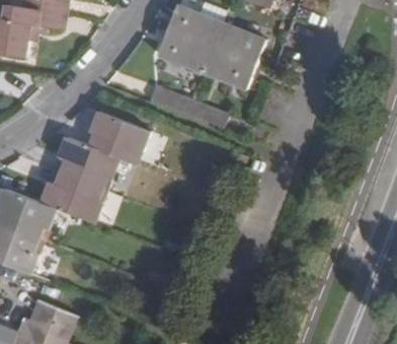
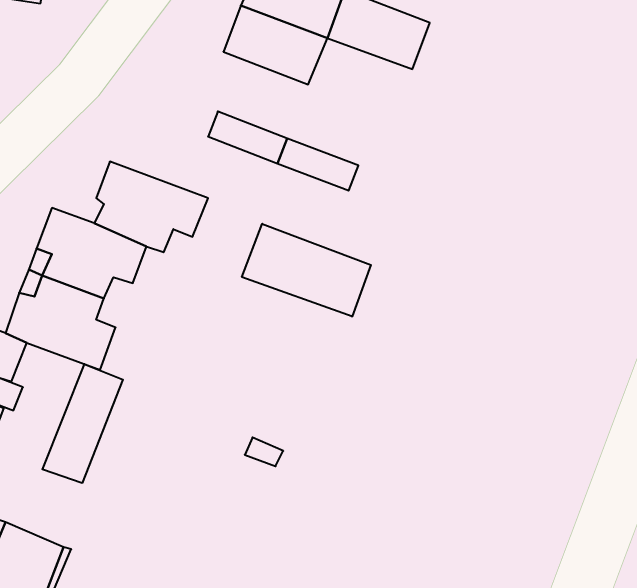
building: [202,47,256,88] -> none
building: none -> [242,224,371,317]
building: none -> [42,364,123,483]

